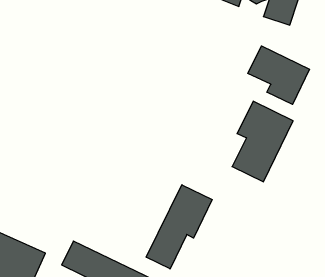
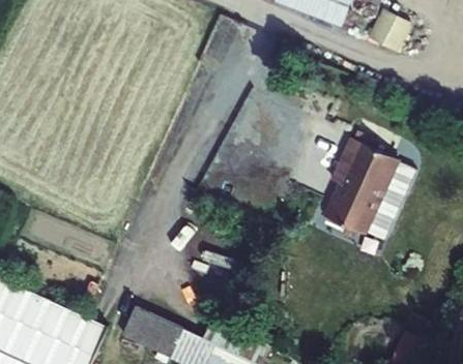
building: [248,46,310,104] -> none
building: [146,185,212,269] -> none

